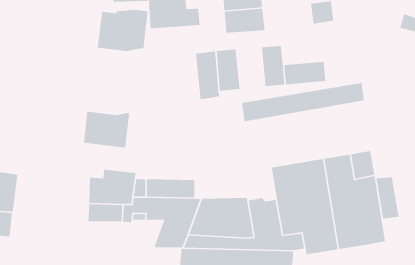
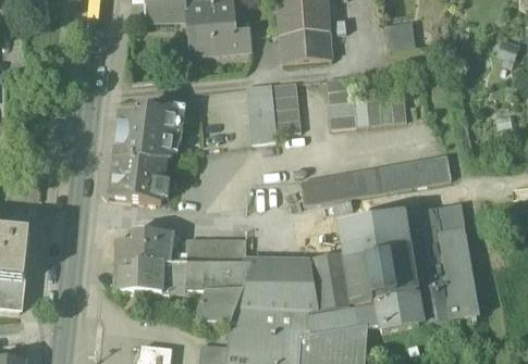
building: [97,9,149,52] -> [113,108,176,160]
building: [241,82,365,122] -> [299,155,451,204]
building: [376,176,400,219] -> none

